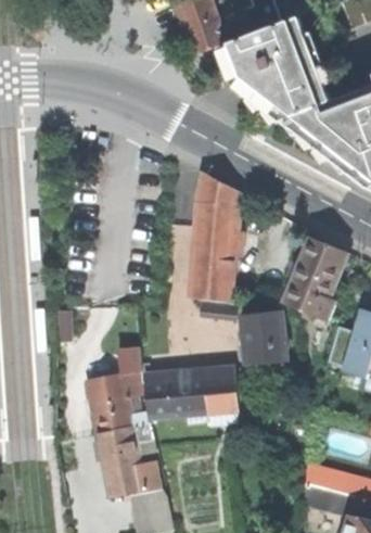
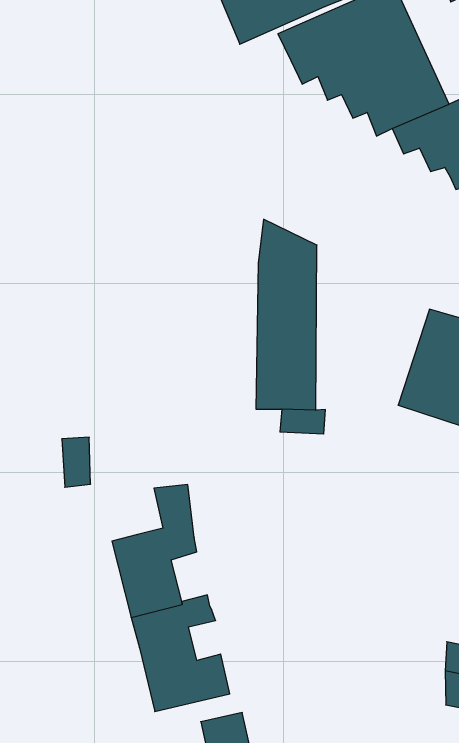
building: [233,312,285,365] -> none
building: [144,371,267,431] -> none

